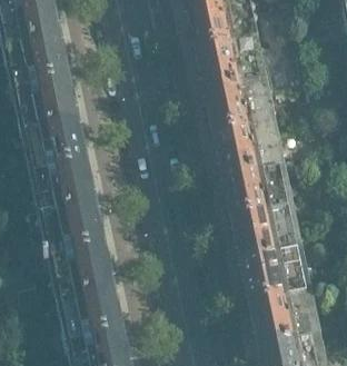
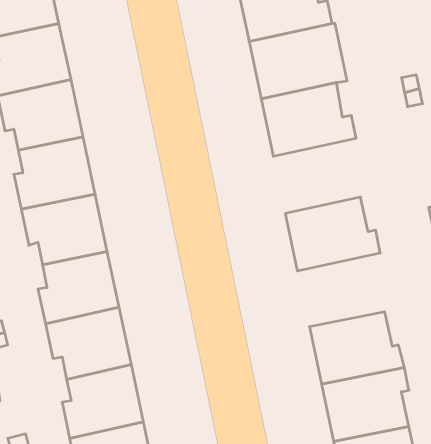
building: [217,122,281,178] -> none
building: [235,207,299,261] -> none

